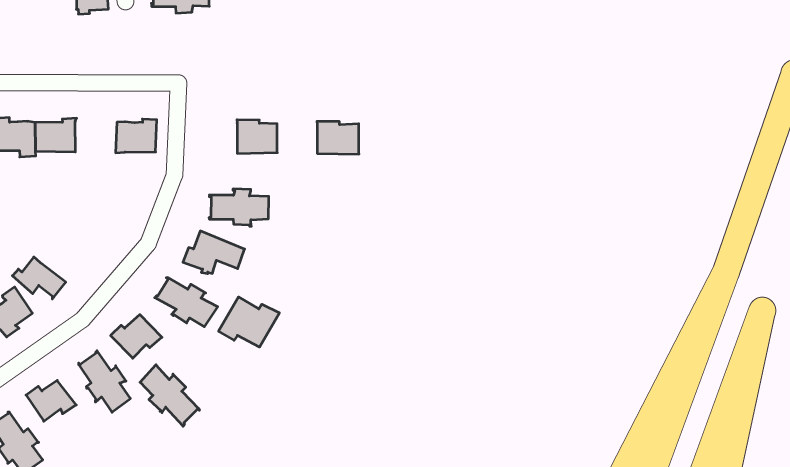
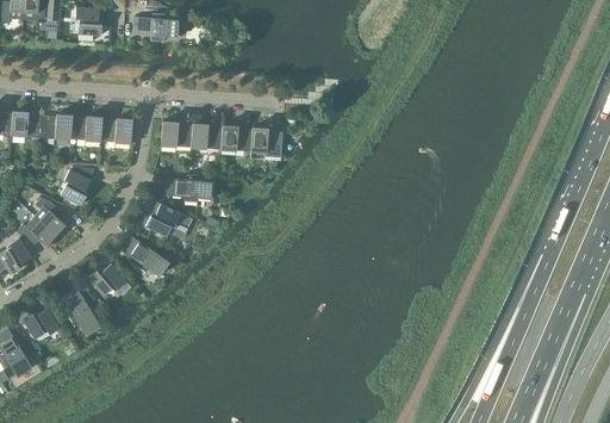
building: none -> [70,116,102,142]
building: none -> [161,122,192,148]
building: none -> [220,125,251,151]
building: none -> [61,166,95,205]
building: none -> [35,197,68,236]
building: [219,297,279,347] -> none
building: [140,365,199,426] -> none

